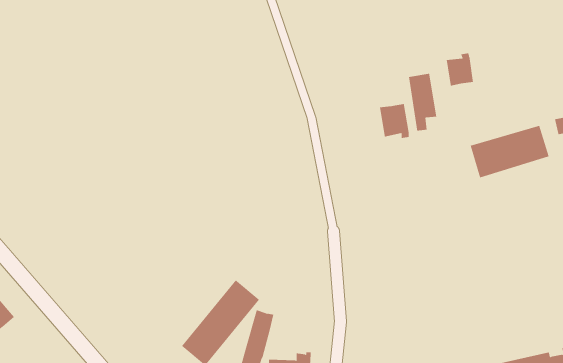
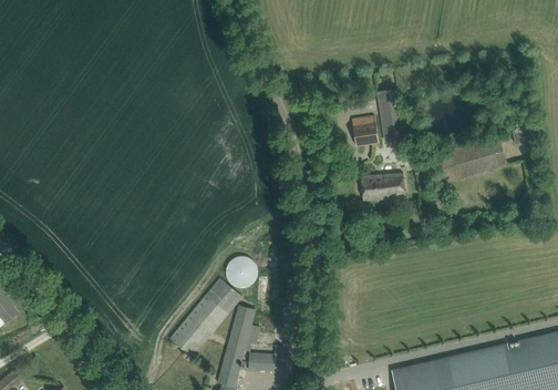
building: [446,52,474,87] -> none
building: none -> [360,171,405,201]
building: none -> [225,254,258,287]

